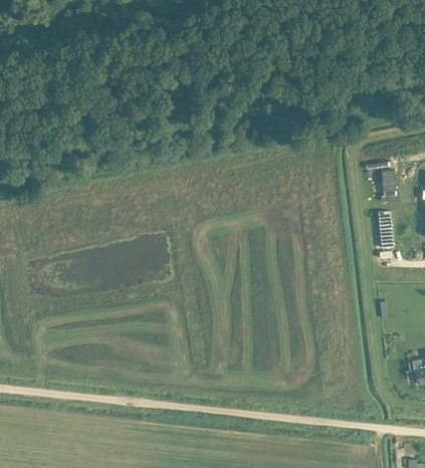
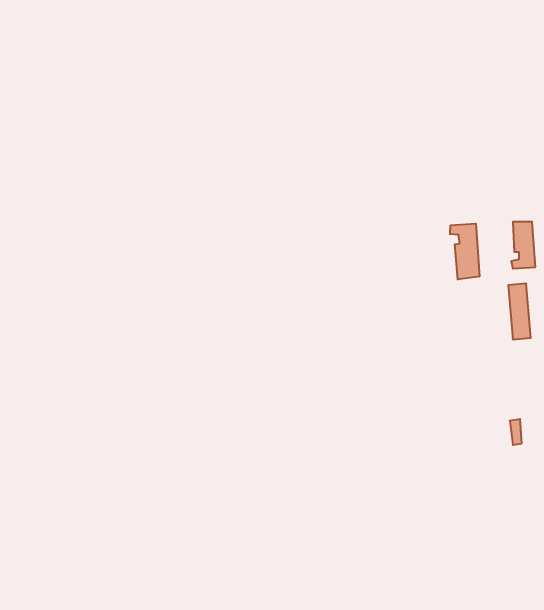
building: none -> [450,224,479,280]

